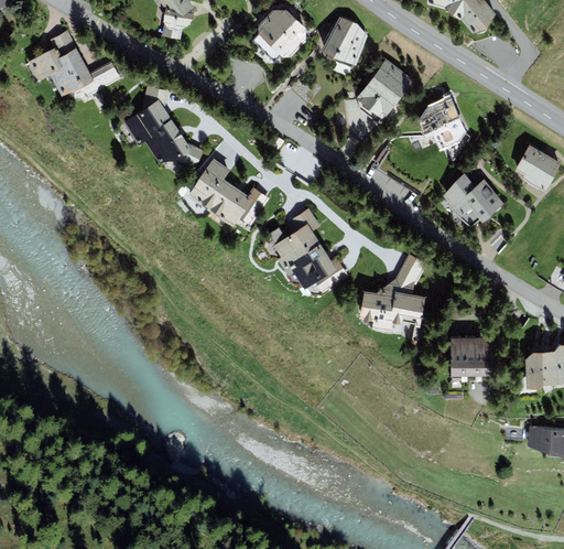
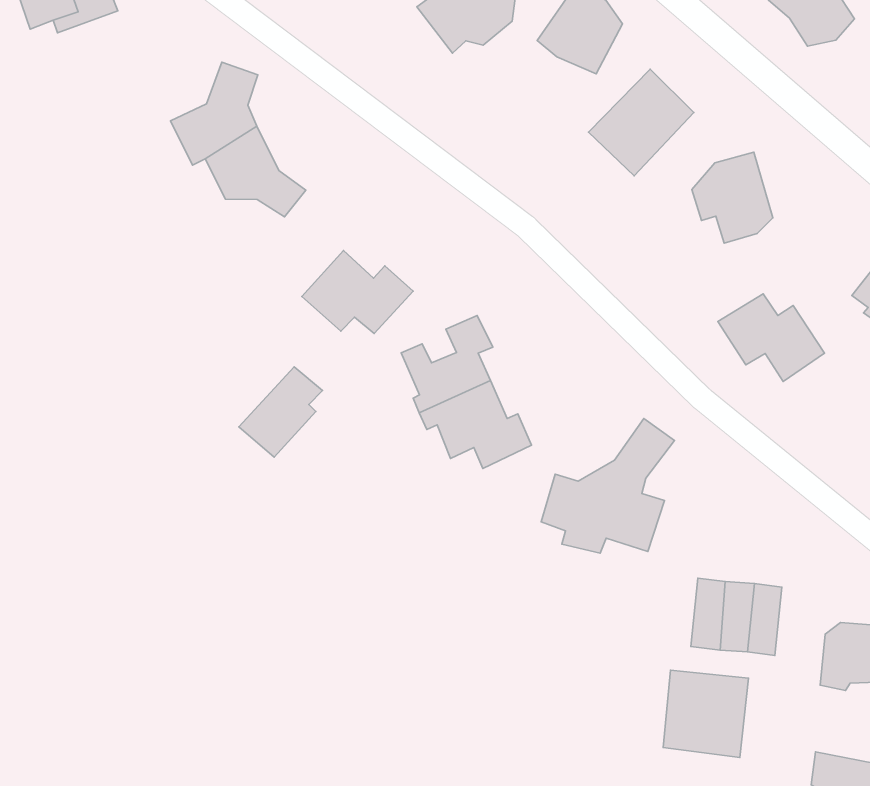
building: [53,61,119,96] -> none
building: [186,158,230,209] -> [239,367,323,457]
building: none -> [663,670,749,757]

